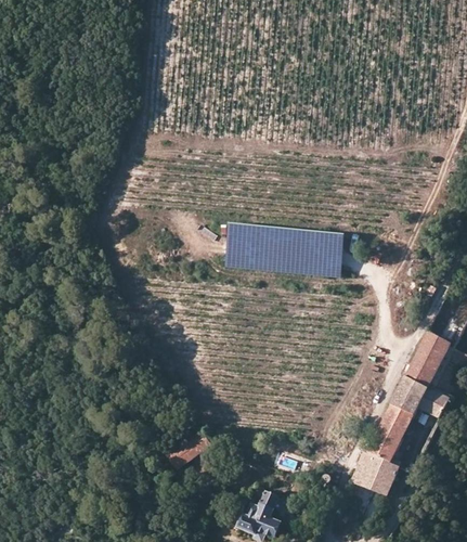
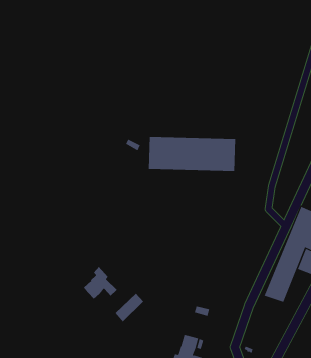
building: none -> [83,266,117,300]
building: [349,444,399,495] -> none

